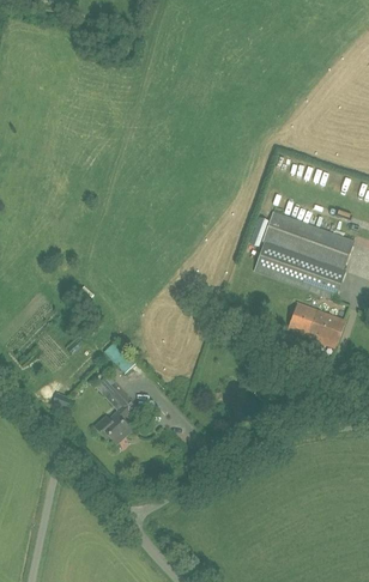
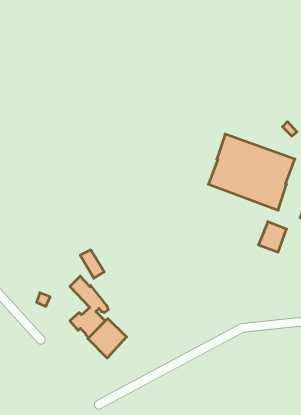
building: [286,302,322,338] -> none
building: none -> [88,319,127,358]

